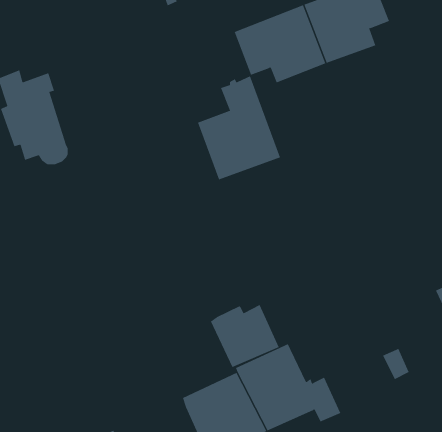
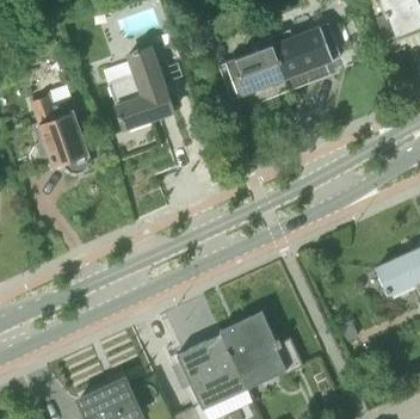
building: [197,76,281,180] -> [109,47,174,129]
building: [210,304,280,368] -> none

